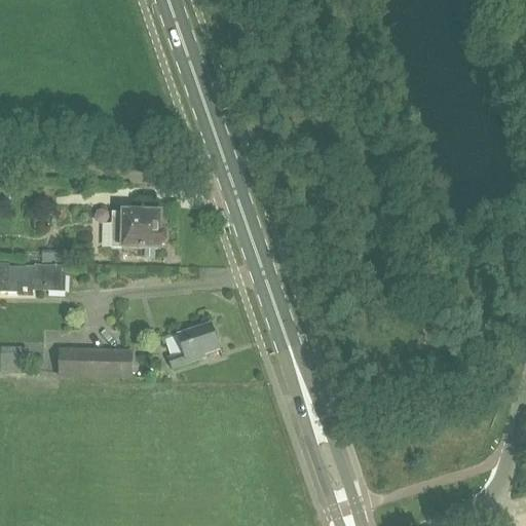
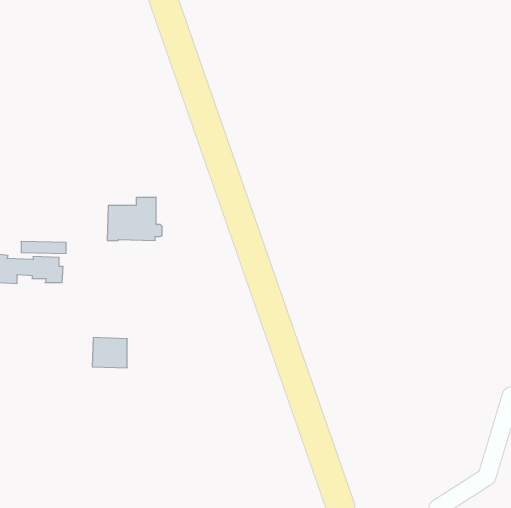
building: [167,322,218,367] -> none
building: [59,345,96,376] -> none

